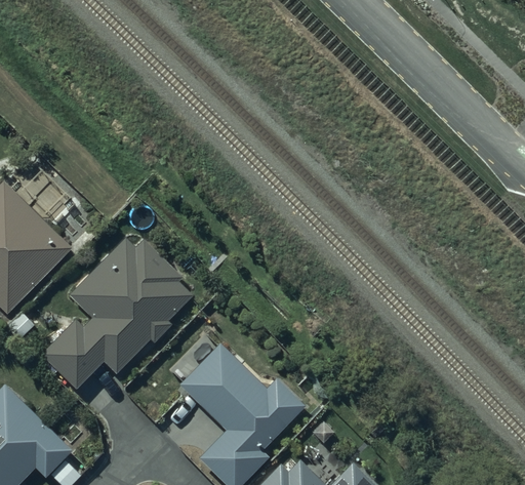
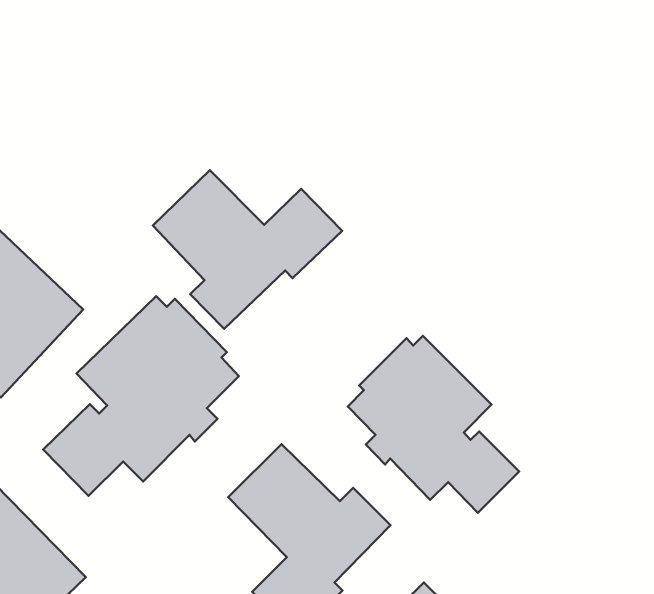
building: none -> [153,170,342,329]
building: none -> [348,336,519,513]

